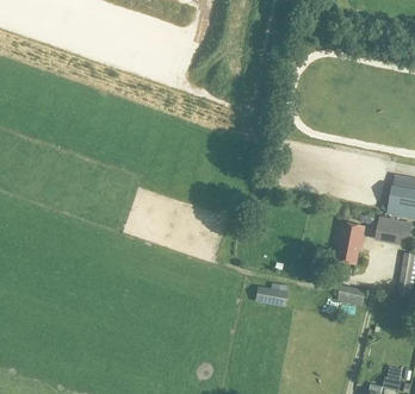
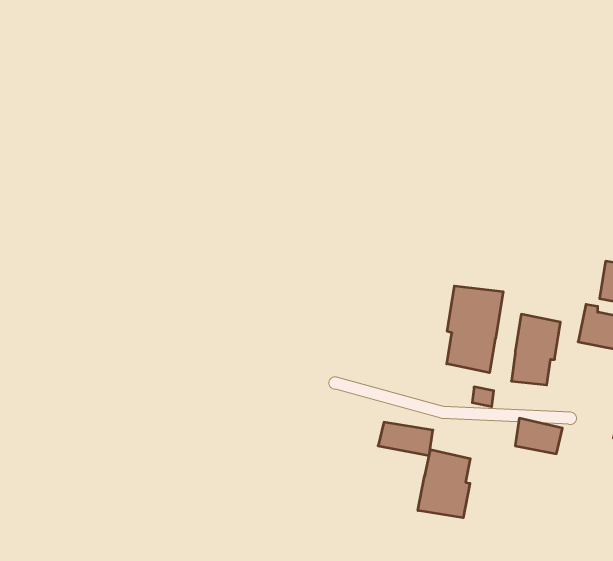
building: none -> [447,286,503,373]
building: none -> [418,449,470,518]

